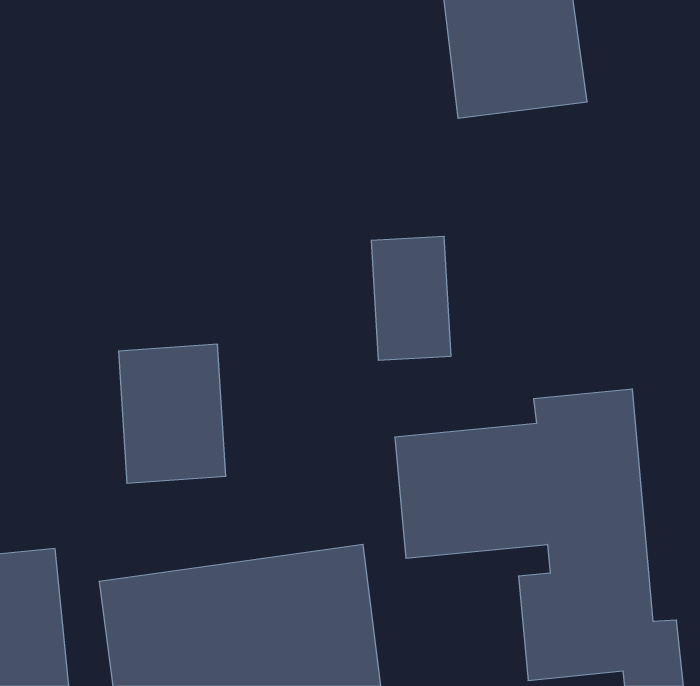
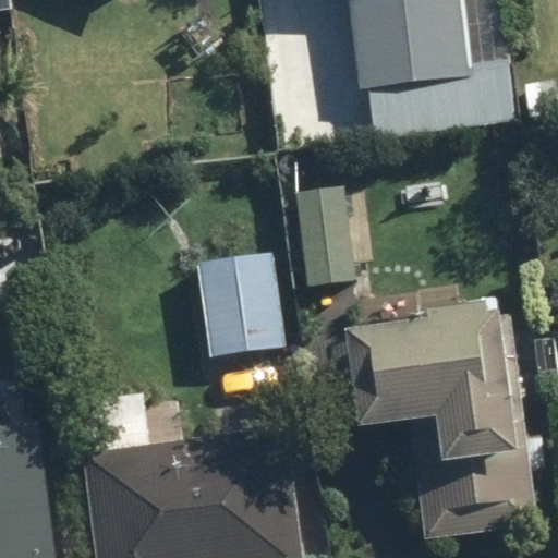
building: [119,344,226,483] -> [199,250,284,360]

